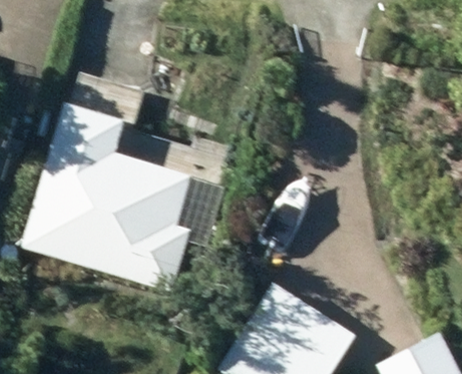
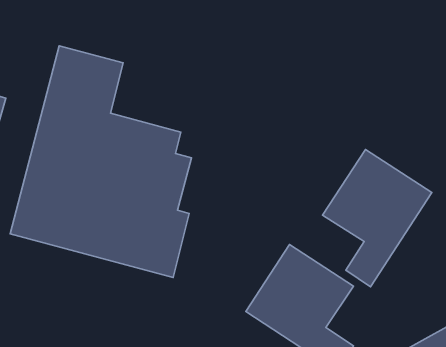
building: none -> [323,149,432,287]

